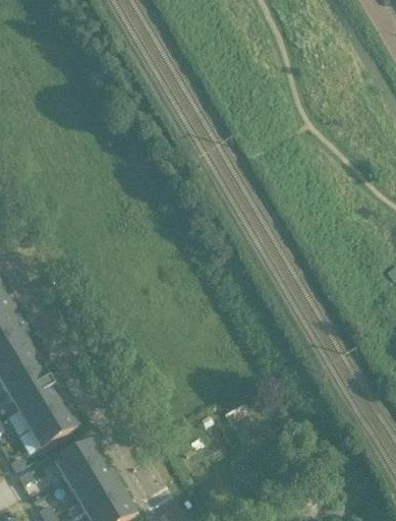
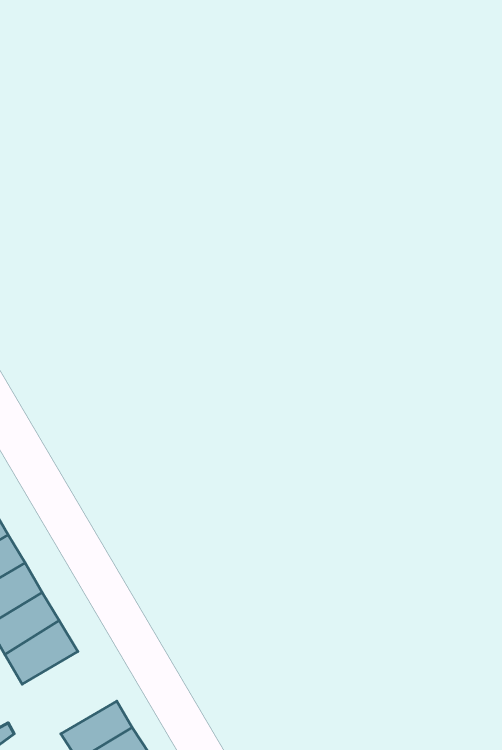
building: [57,441,105,481] -> none

